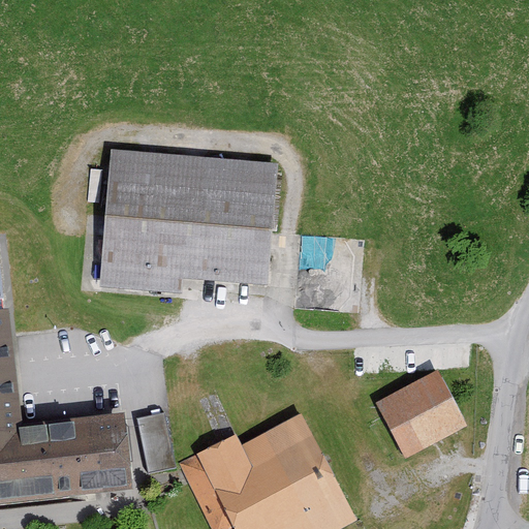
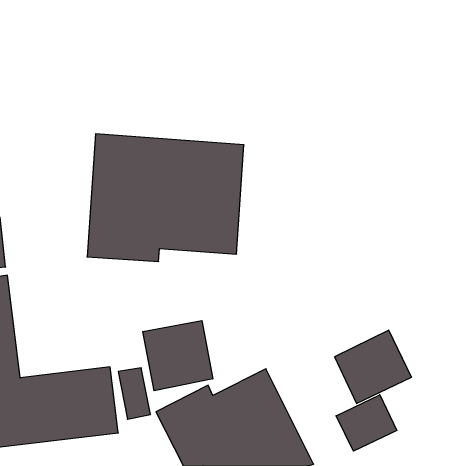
building: none -> [143,321,213,391]
building: none -> [336,395,397,451]

